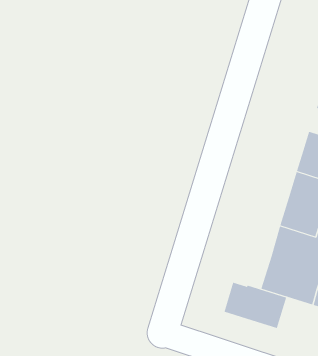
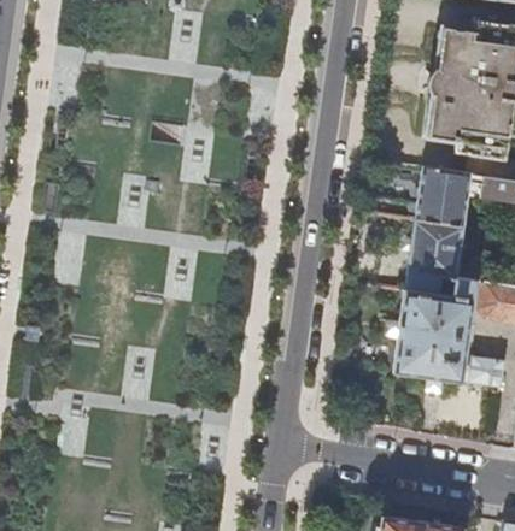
building: [224,282,287,329] -> none

